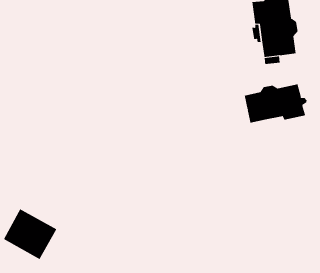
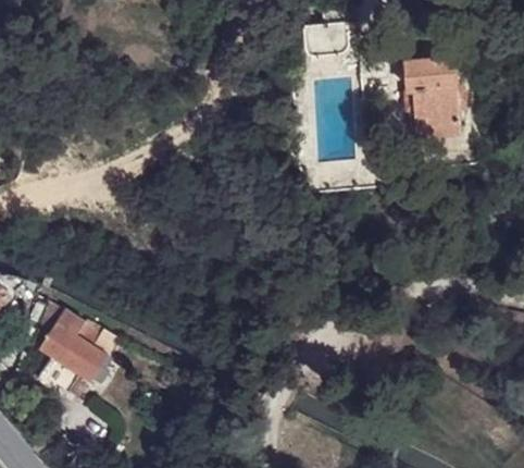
building: [244,84,307,123] -> none

